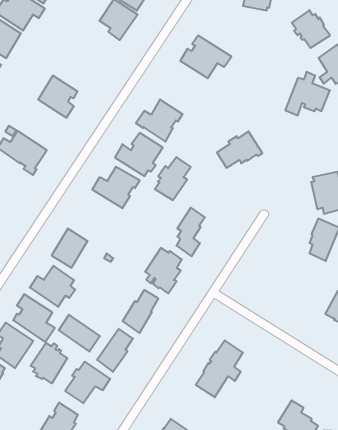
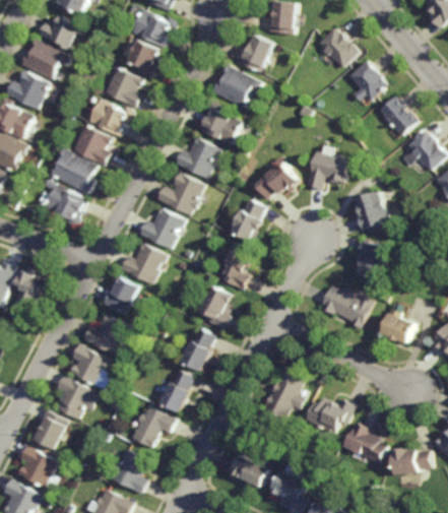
building: none -> [235,35,272,74]
building: none -> [104,68,141,108]
building: none -> [89,101,129,136]
building: none -> [197,105,238,142]
building: [285,72,330,116] -> [309,142,351,187]
building: none -> [48,146,95,191]
building: [155,157,191,200] -> [232,196,265,240]
building: none -> [119,243,164,283]
building: none -> [320,284,375,327]
building: [59,315,100,352] -> none
building: [31,343,67,383] -> none
building: none -> [306,395,358,434]

